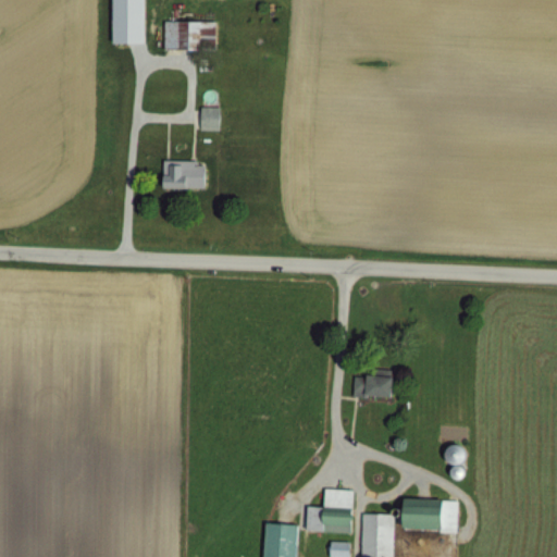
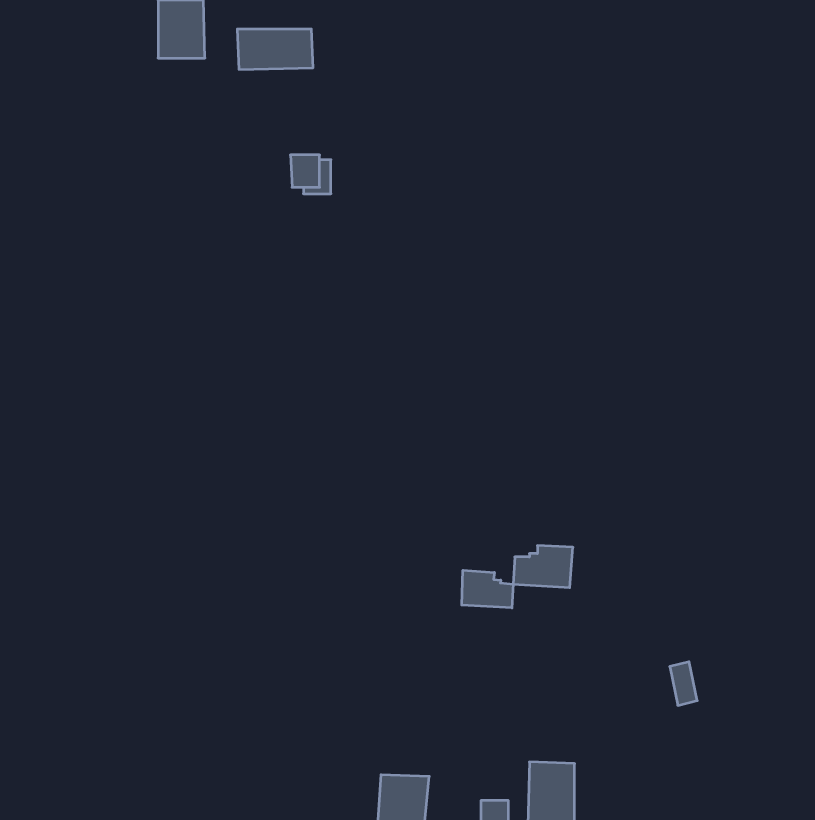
building: [164,162,206,188] -> none
building: none -> [462,570,513,608]
building: [305,490,352,533] -> none
building: [404,498,454,531] -> none

